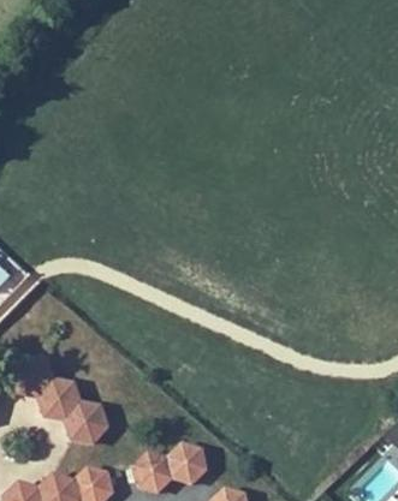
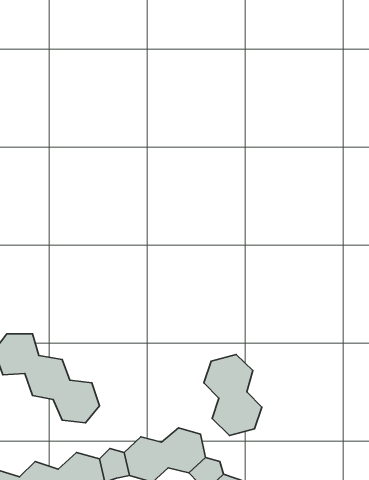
building: none -> [204,355,262,435]

